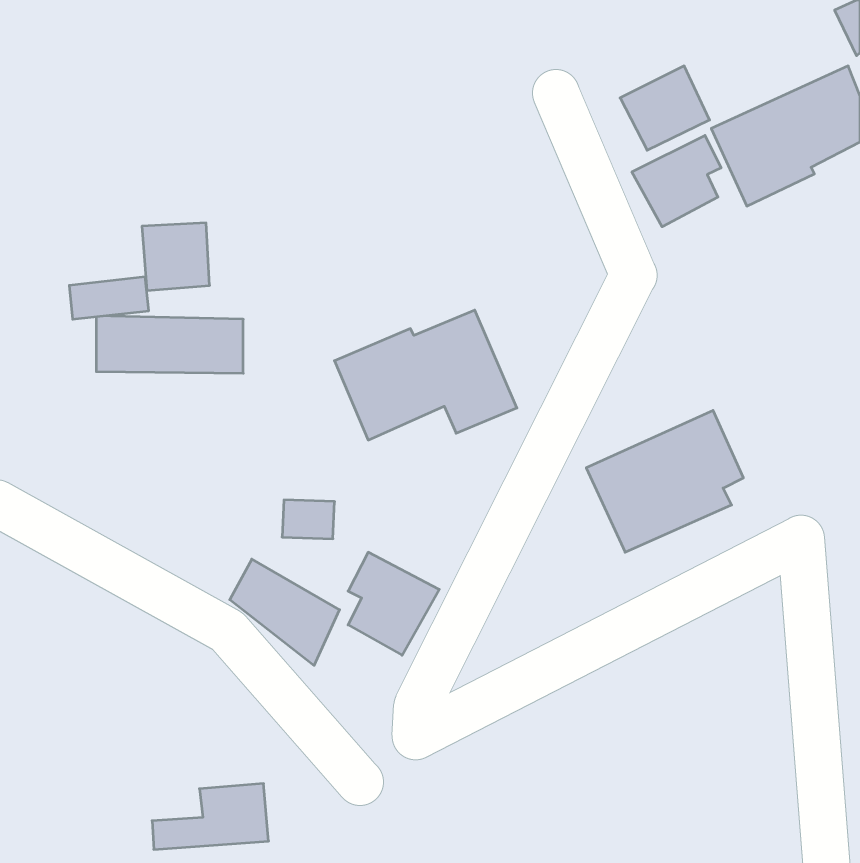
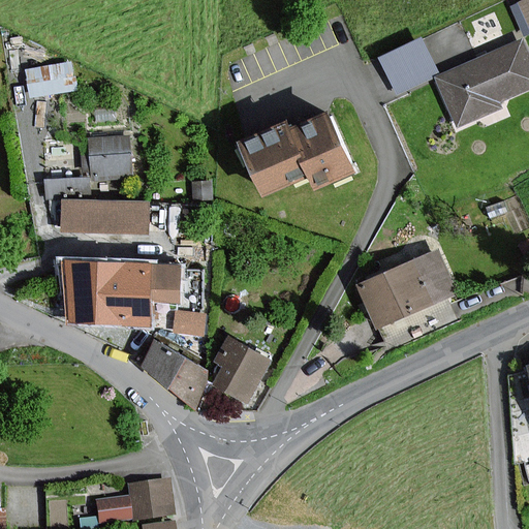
building: none -> [26,64,71,95]
building: [632,135,721,227] -> none
building: [334,310,517,440] -> [240,113,351,192]
building: none -> [67,263,178,325]

